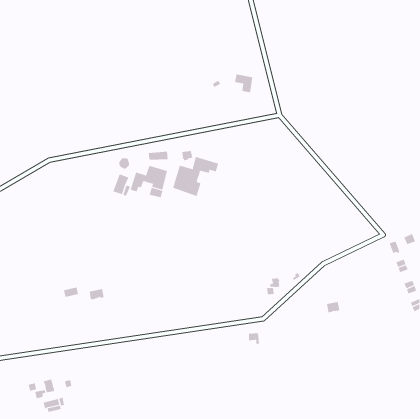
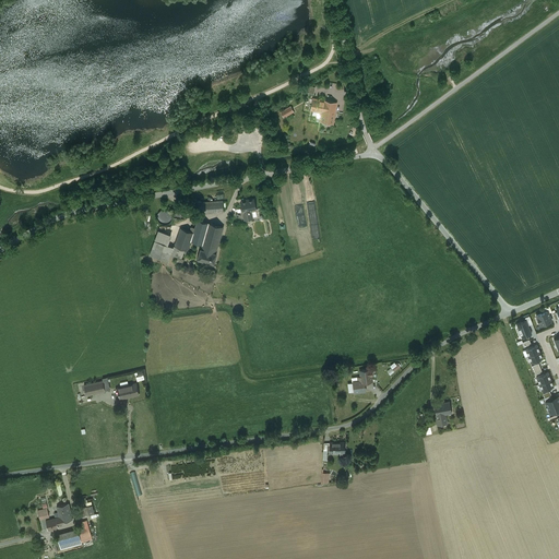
building: [172,156,219,197] -> none

